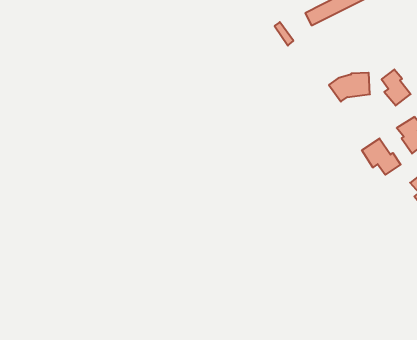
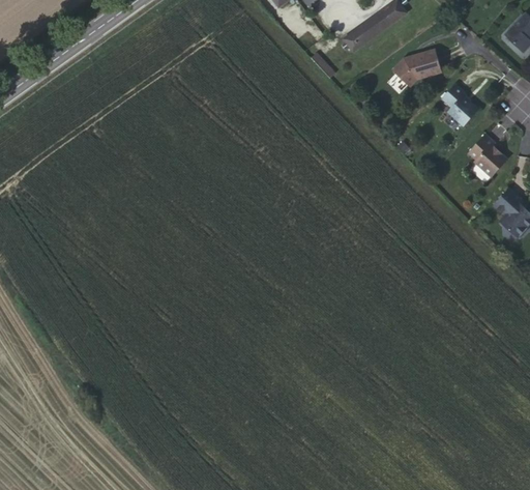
building: [329,73,370,102] -> [391,50,439,87]
building: [362,138,401,175] -> none

